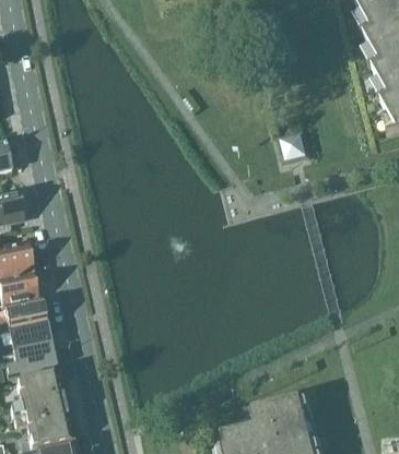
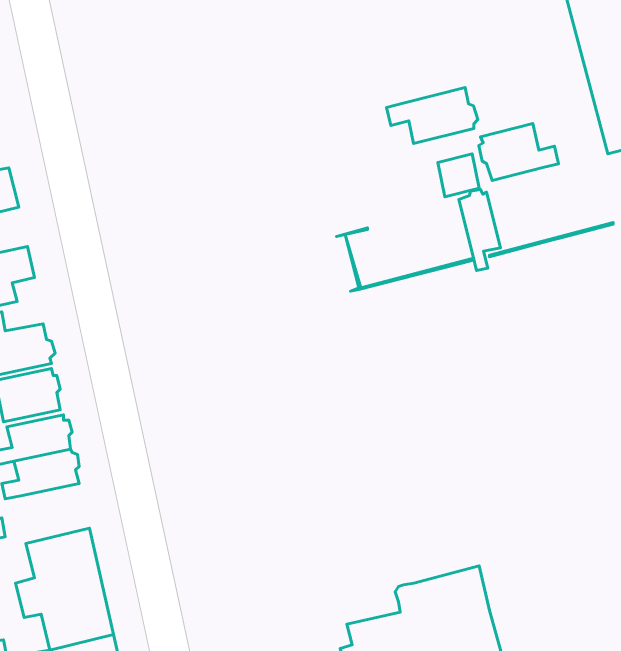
building: none -> [386,88,478,143]
building: none -> [479,124,559,180]
building: none -> [459,190,500,270]
building: [7,344,57,377] -> none

